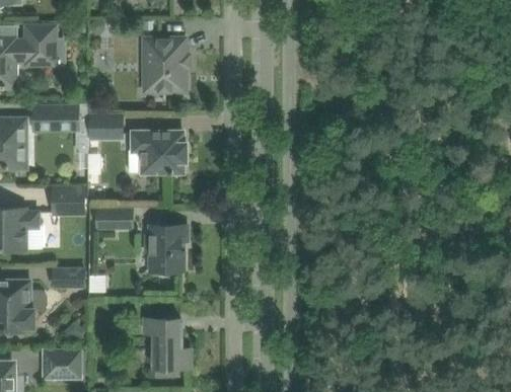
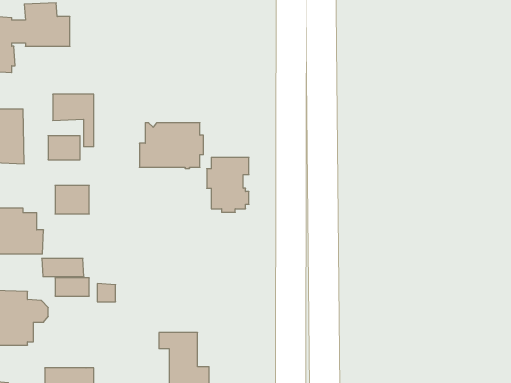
building: [144,38,185,91] -> none
building: [91,115,120,137] -> [48,136,80,160]
building: [95,209,133,225] -> [42,258,84,277]
building: [147,225,185,273] -> [207,157,249,212]

